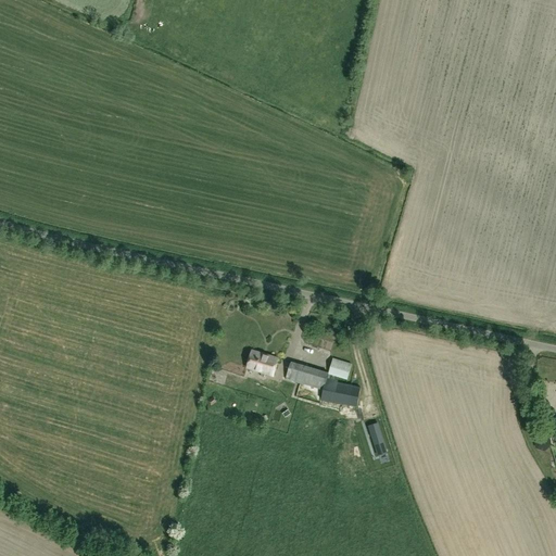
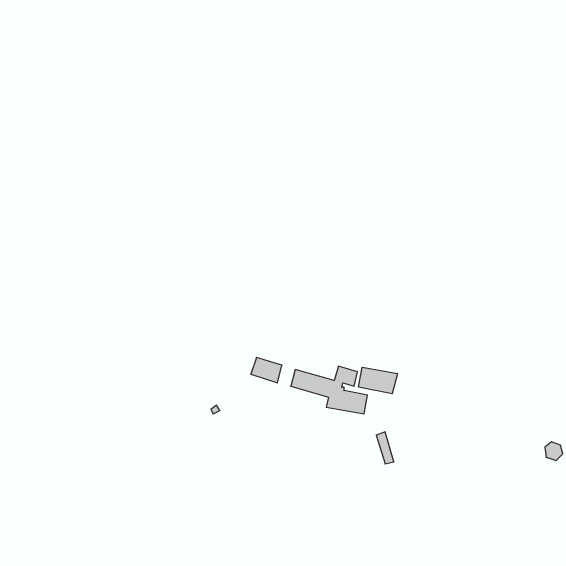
building: none -> [359,367,397,394]

